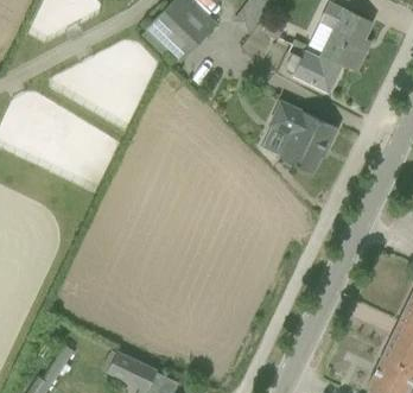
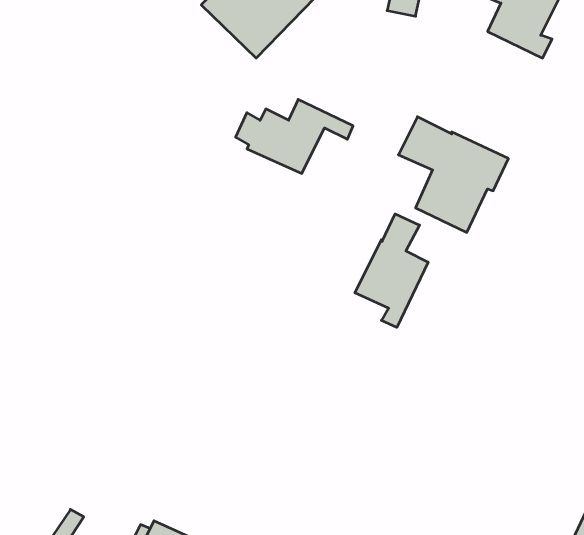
building: [287,46,361,93] -> [236,99,353,173]
building: none -> [355,214,428,327]

